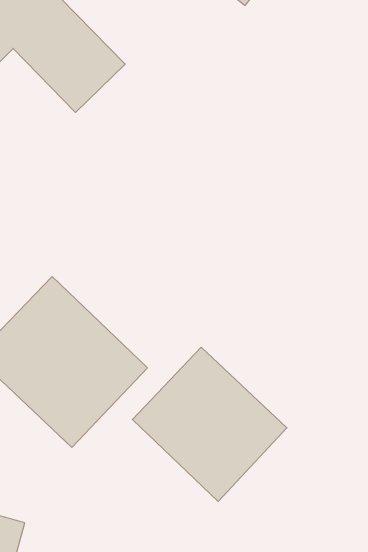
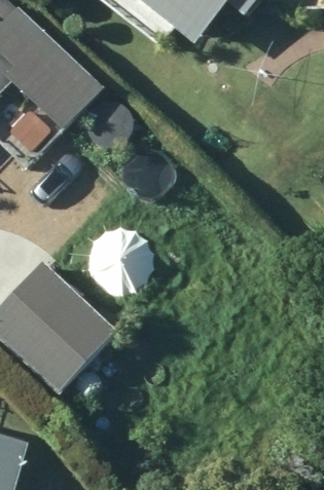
building: [132,347,287,501] -> none

